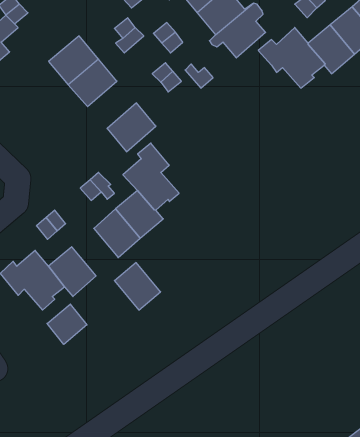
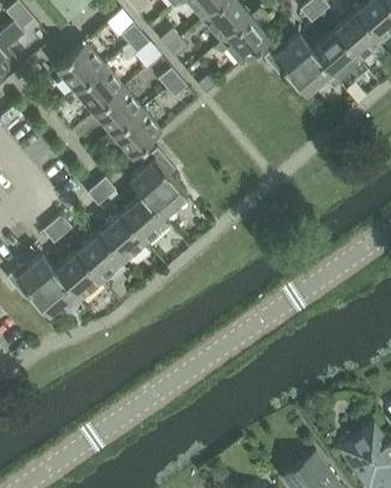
building: none -> [94,87,143,134]
building: [114,263,161,310] -> [79,234,125,281]
building: [47,304,87,344] -> none

